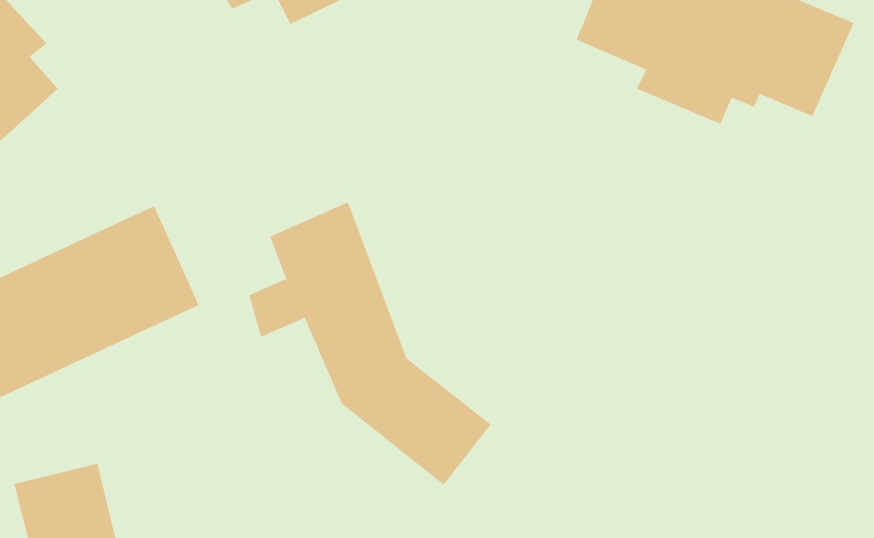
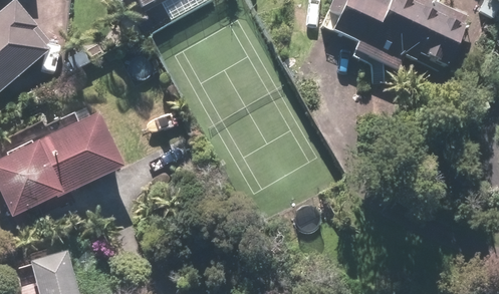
building: [249,202,492,486] -> none

